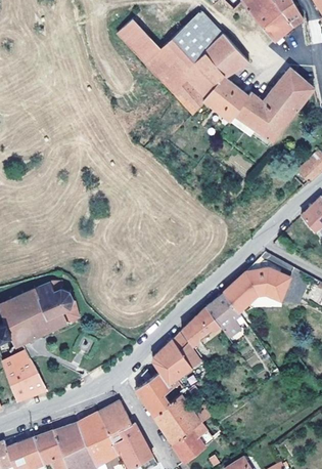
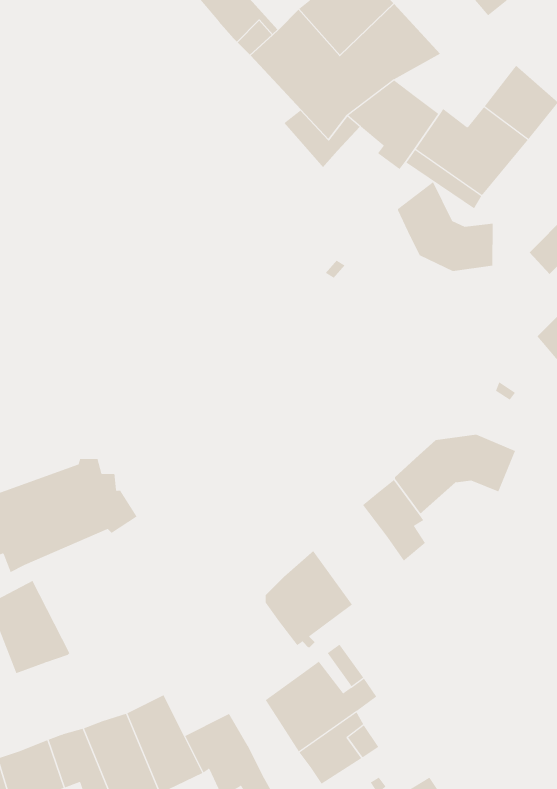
building: none -> [397,181,493,272]
building: [182,308,220,346] -> none
building: [136,370,177,415] -> none
building: [98,400,132,434] -> none

